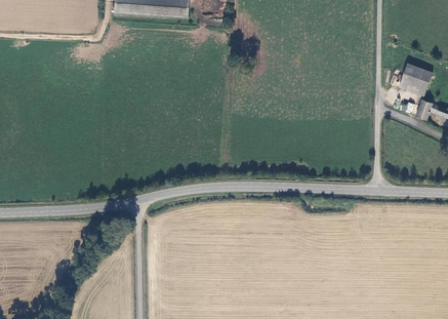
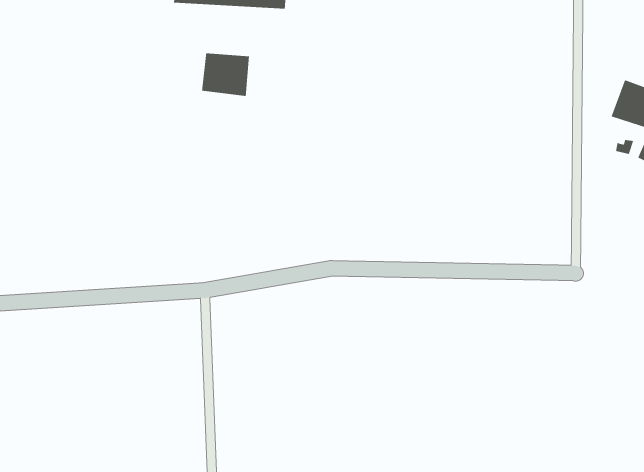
building: none -> [201,52,250,97]

